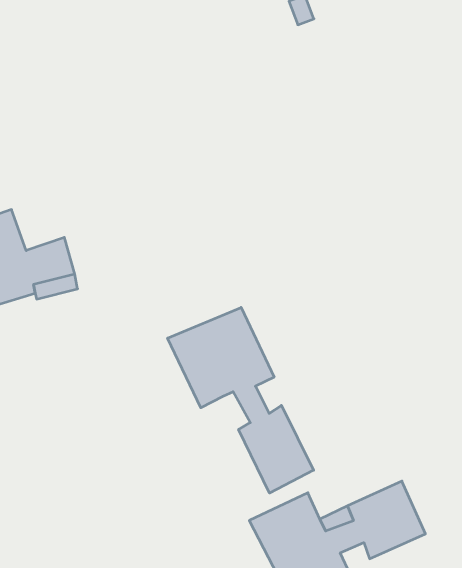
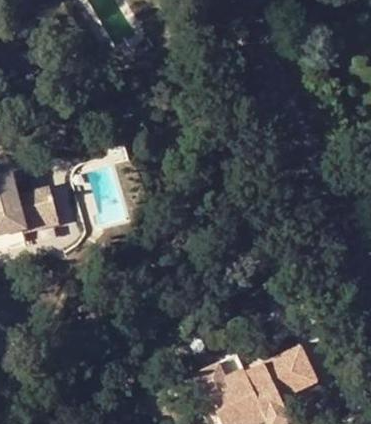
building: [168,307,314,493] -> none

